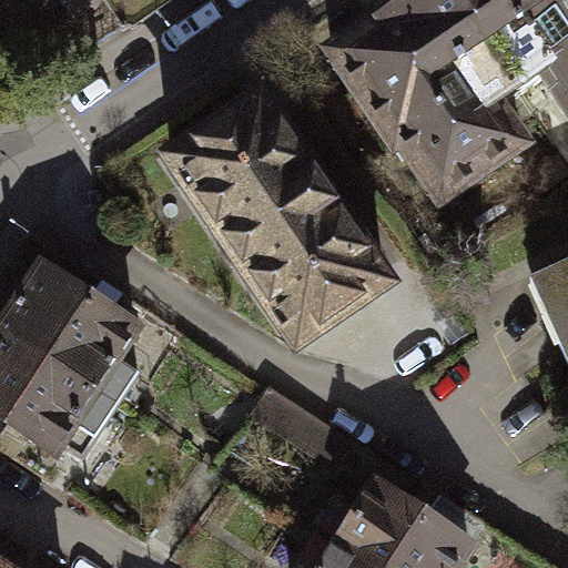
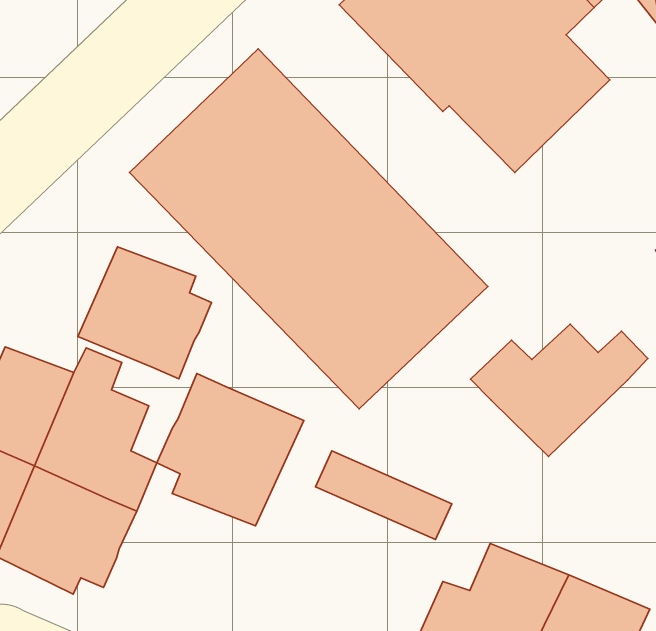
building: none -> [78,247,211,379]
building: none -> [157,373,304,526]
building: none -> [471,324,648,456]

